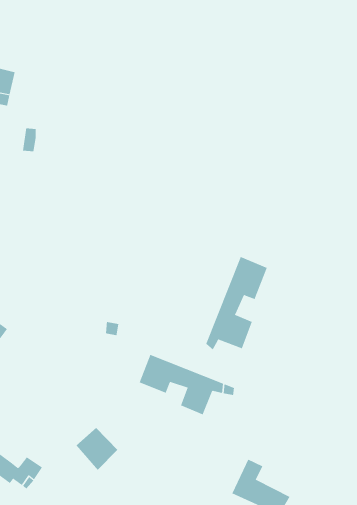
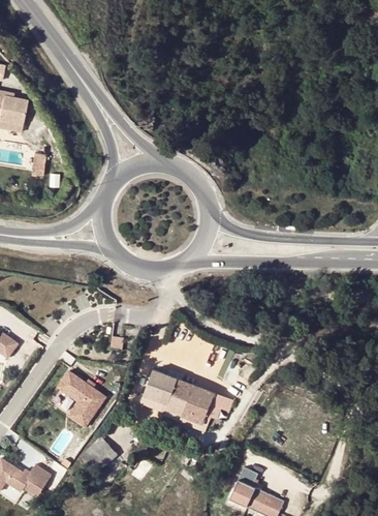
building: [205,256,268,350] -> none
building: none -> [57,373,104,429]

